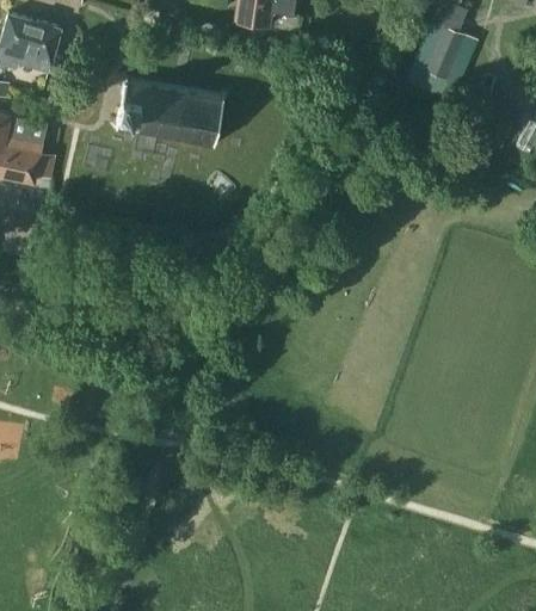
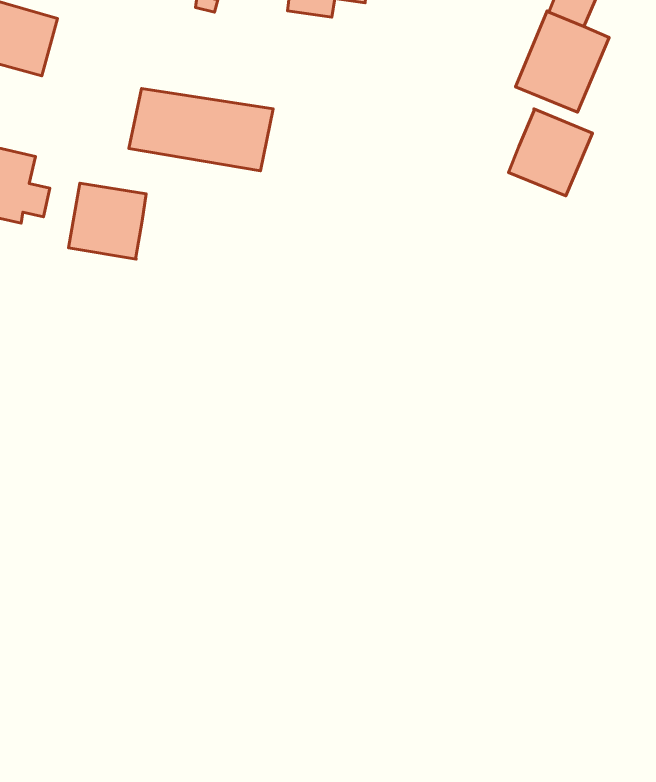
building: none -> [508,109,592,196]
building: none -> [69,183,146,259]

